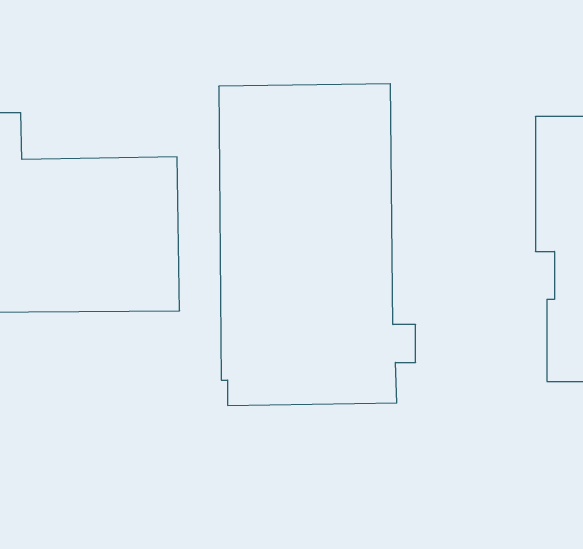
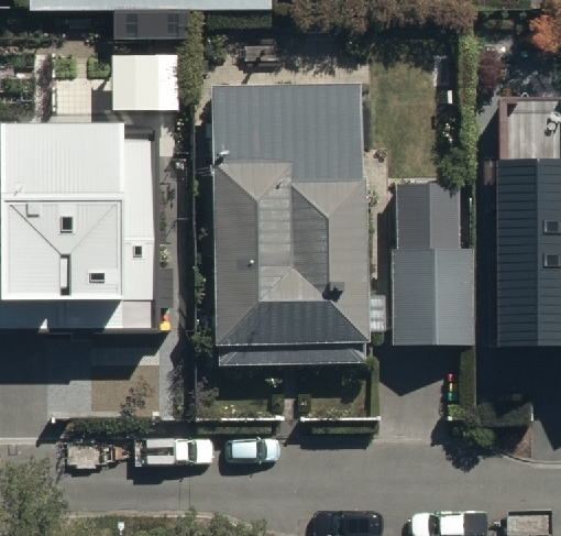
building: none -> [393,183,474,346]

